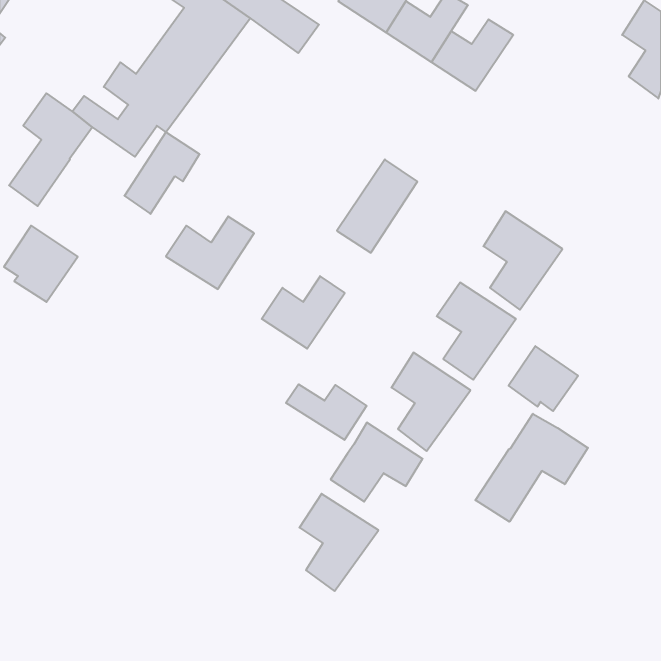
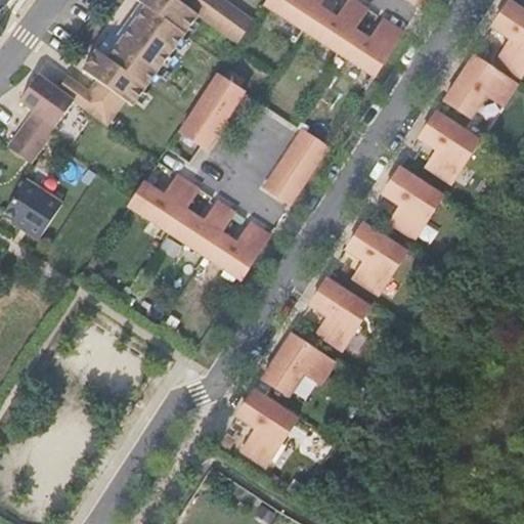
building: none -> [443,56,516,118]
building: [124,132,200,214] -> [186,71,246,135]
building: none -> [418,112,481,189]
building: none -> [172,196,236,252]
building: [509,346,578,411] -> none
building: [286,384,367,440] -> none
building: [475,414,588,522] -> none

